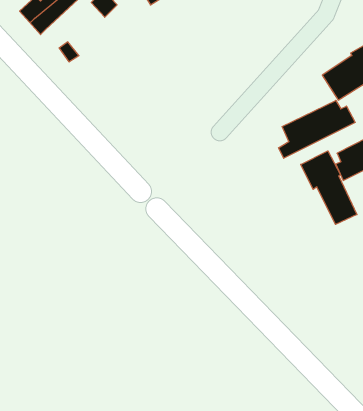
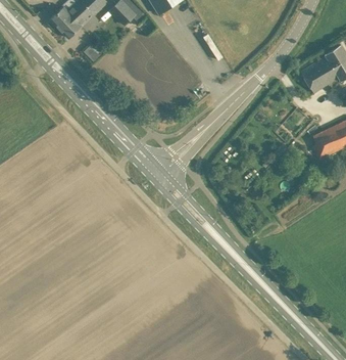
building: [279,100,355,158] -> none
building: [301,151,357,224] -> none

